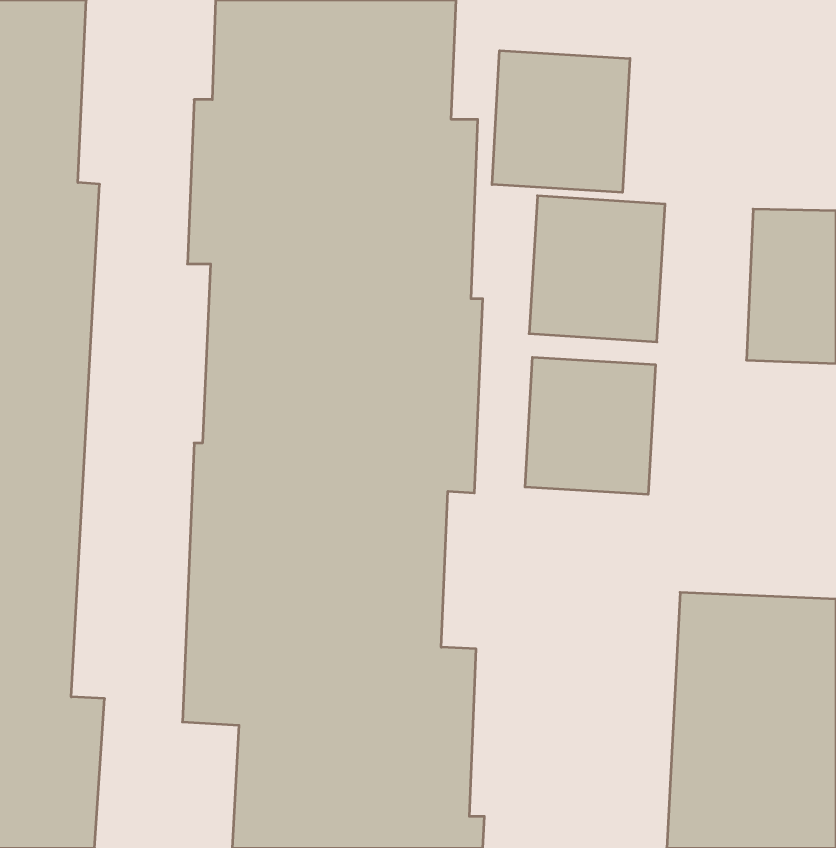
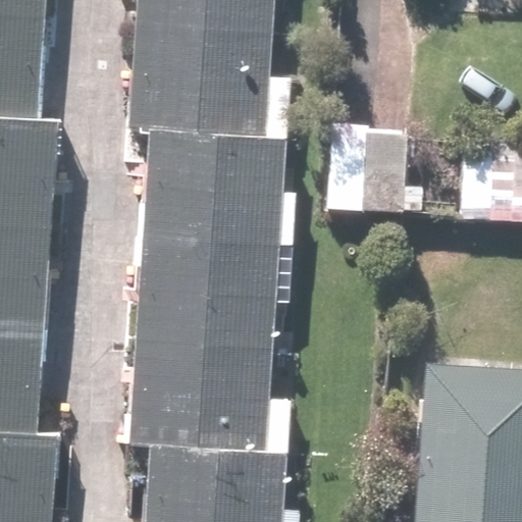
building: [492,51,630,192] -> none
building: [525,357,655,494] -> none

